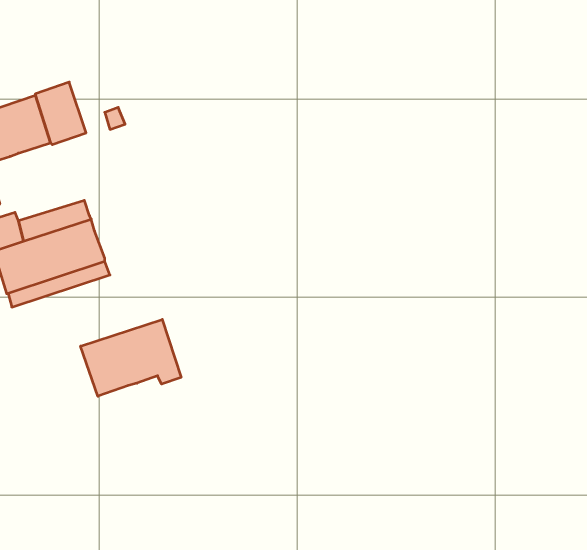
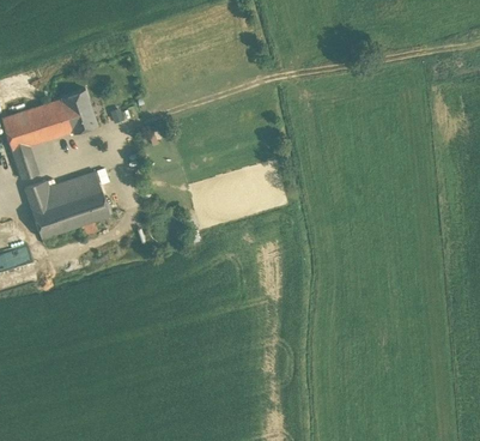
building: [81,319,181,396] -> none

